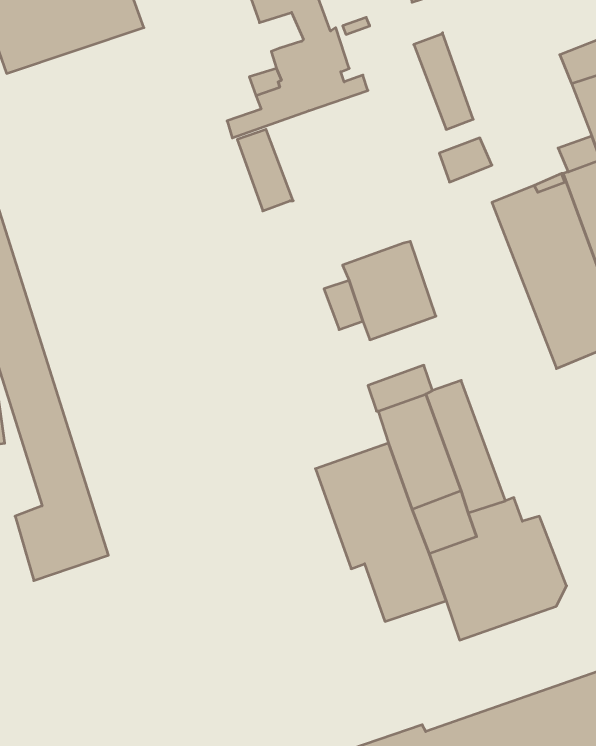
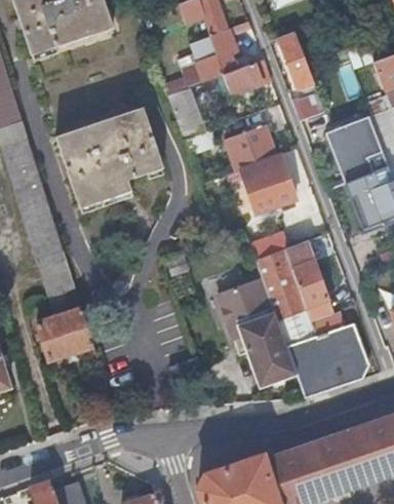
building: none -> [214,60,272,99]
building: none -> [56,105,164,206]
building: none -> [220,126,272,172]

